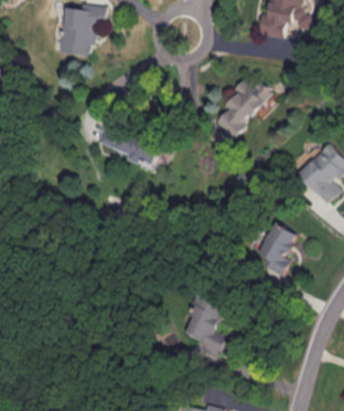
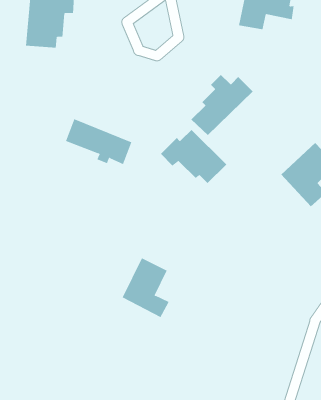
building: none -> [160,129,227,184]
building: [260,223,297,276] -> none
building: [183,295,227,352] -> [122,257,170,318]

